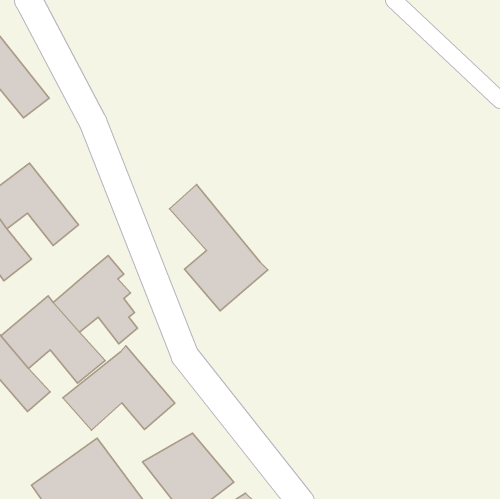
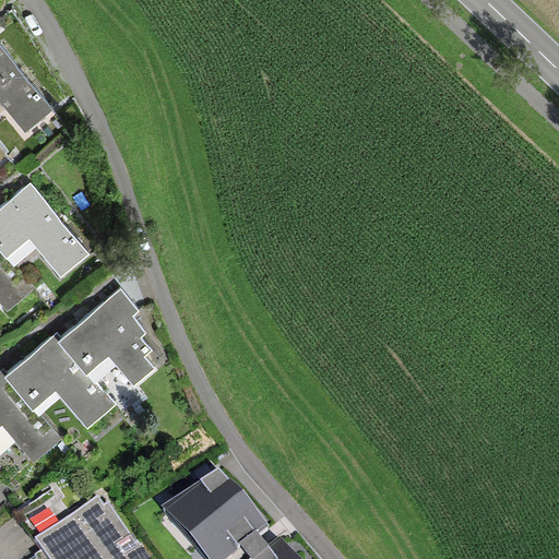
building: [170,185,268,311] -> none
building: [63,346,175,430] -> none

